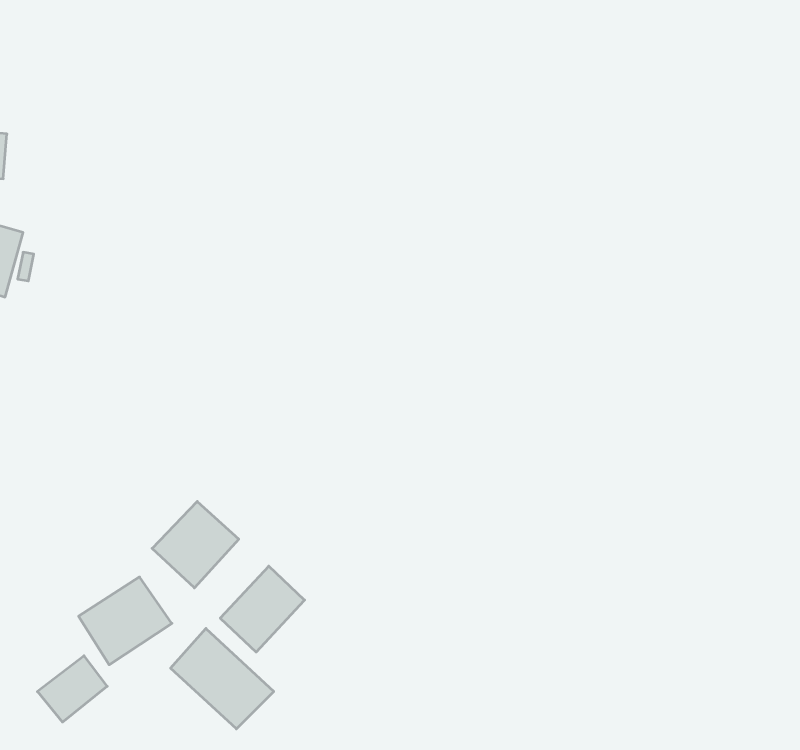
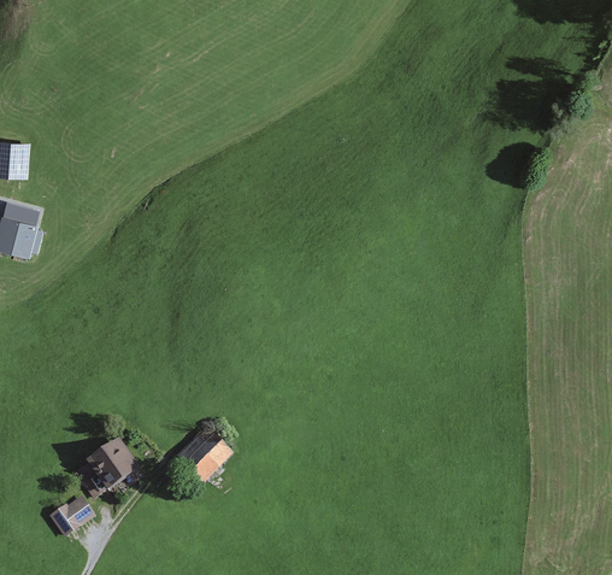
building: [152,501,239,588] -> none
building: [171,628,274,729] -> none

